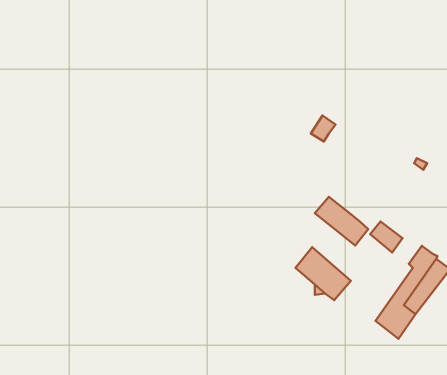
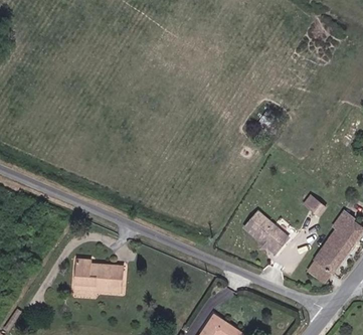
building: [315,197,368,245] -> none
building: none -> [75,259,123,291]

